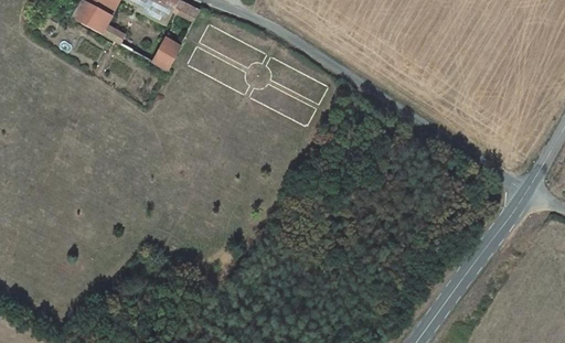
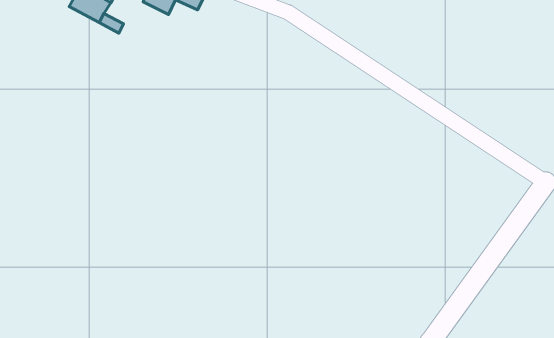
building: [150,37,177,69] -> none

